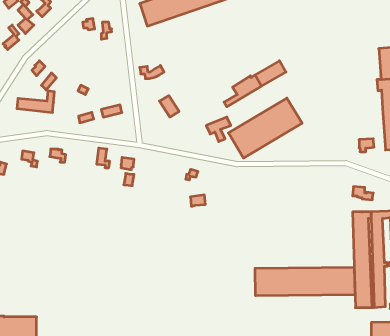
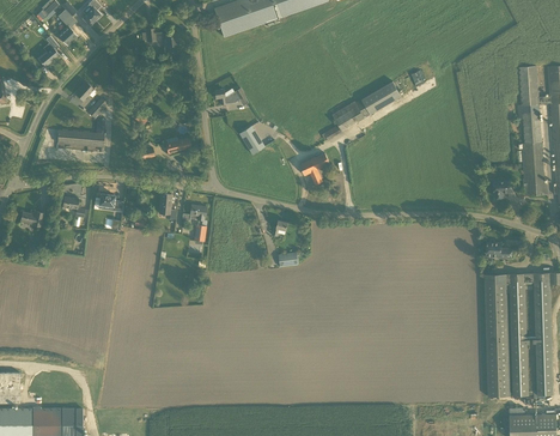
building: [228,98,302,158] -> none
building: [255,267,355,296] -> none

